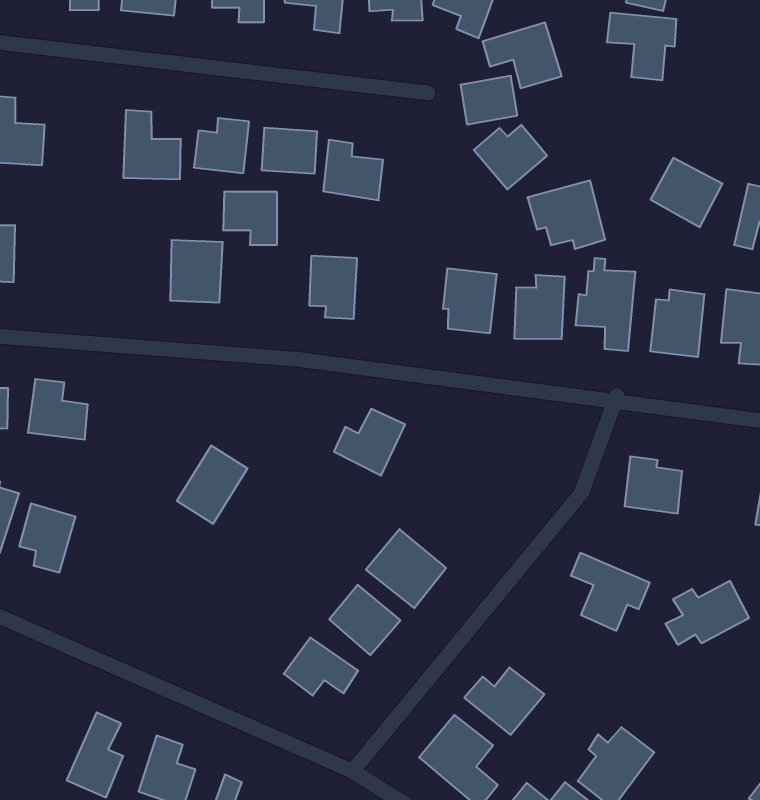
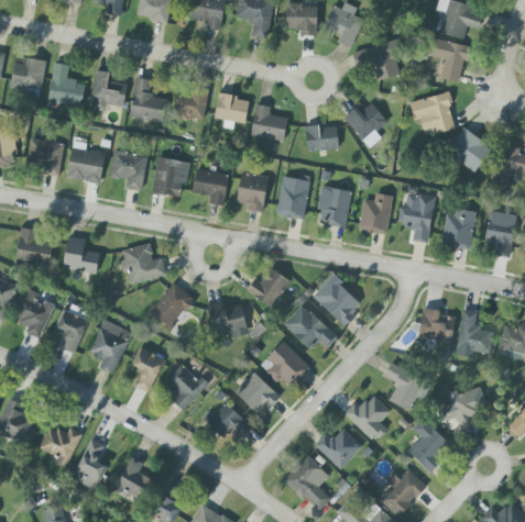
building: [460,76,517,124] -> [305,124,338,152]
building: none -> [88,69,127,111]
building: [527,180,605,249] -> [409,92,455,133]
building: [223,192,277,245] -> [193,170,227,204]
building: none -> [67,138,103,182]
building: none -> [109,149,146,190]
building: none -> [275,174,310,220]
building: none -> [118,243,166,284]
building: none -> [311,275,362,325]
building: none -> [457,310,493,353]
building: none -> [283,304,336,348]
building: none -> [209,304,248,337]
building: none -> [88,320,132,374]
building: none -> [130,346,164,392]
building: none -> [164,363,206,410]
building: none -> [343,395,390,441]
building: none -> [407,418,448,473]
building: none -> [39,426,81,467]

